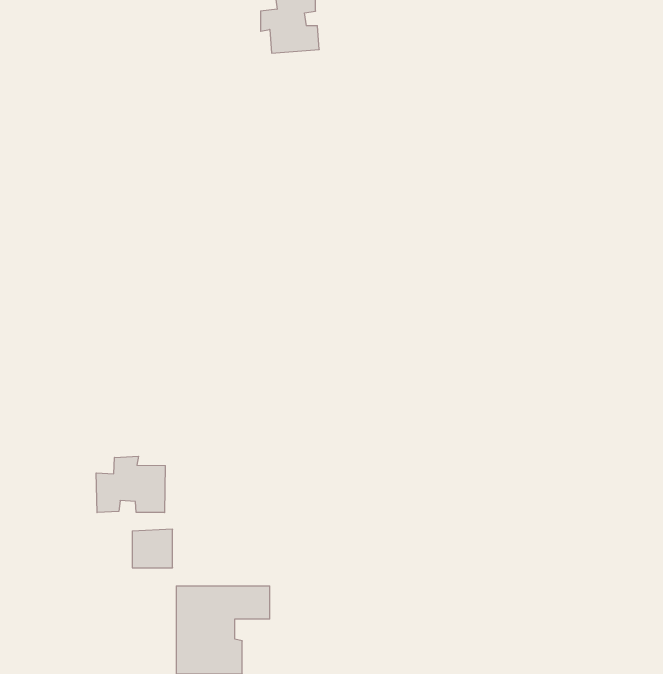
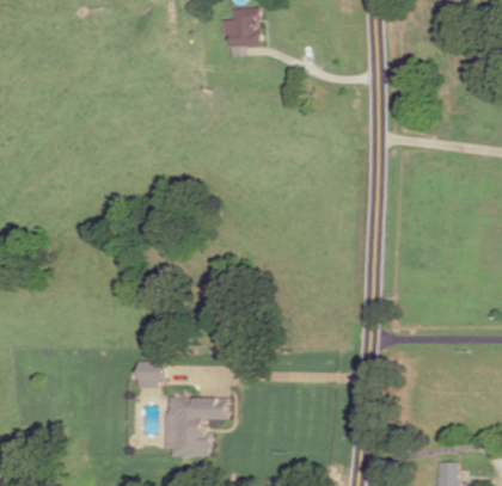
building: [96,456,165,513] -> none

